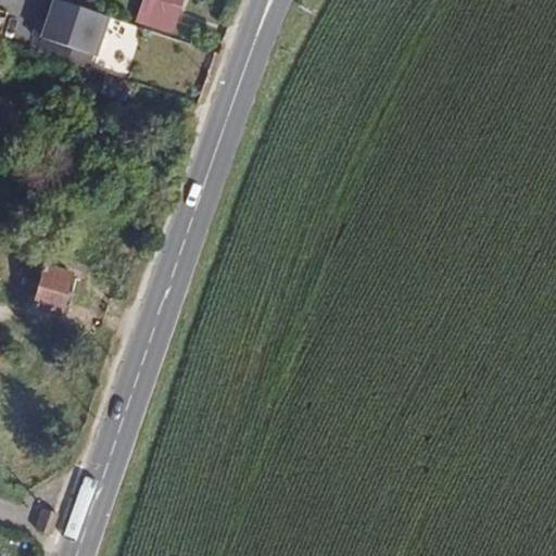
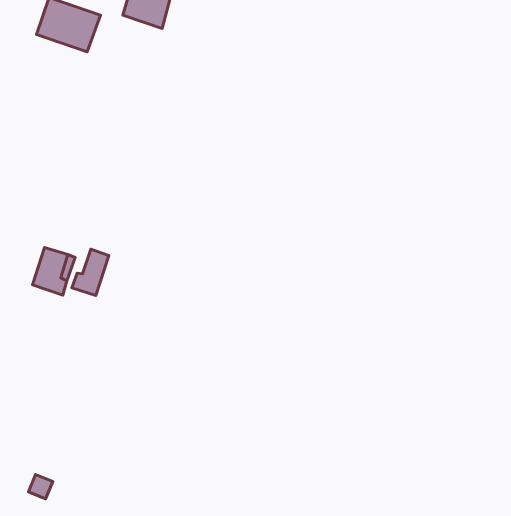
building: none -> [72,249,109,295]

